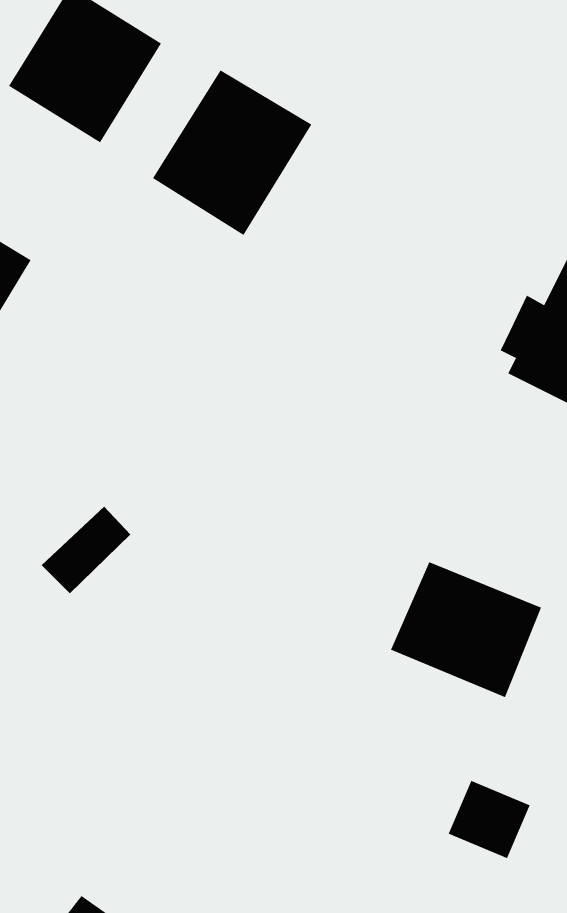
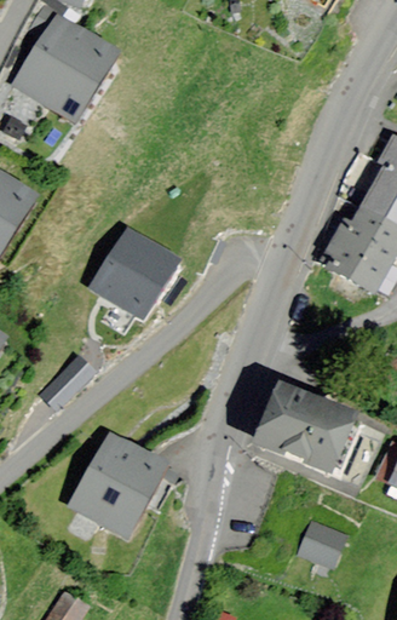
building: [152,70,312,236] -> none
building: none -> [92,229,179,318]
building: none -> [71,432,165,533]

